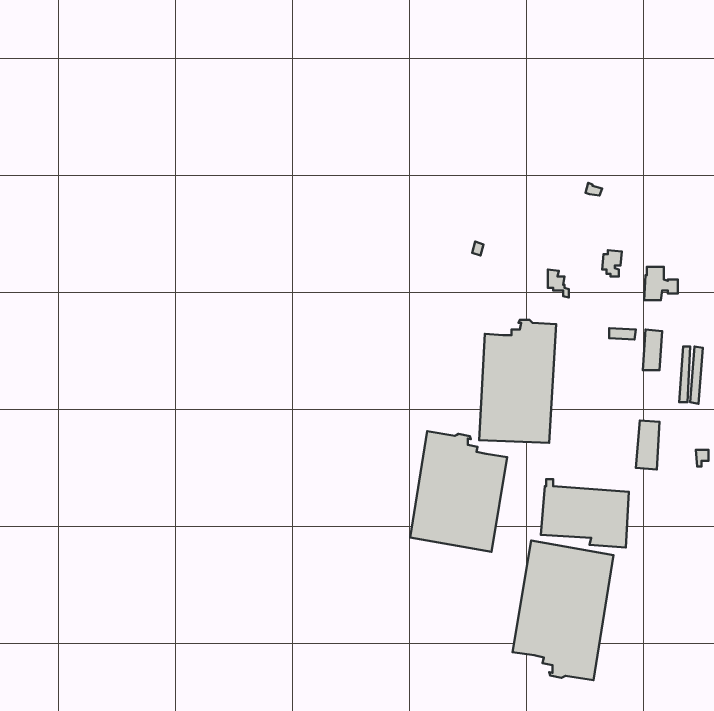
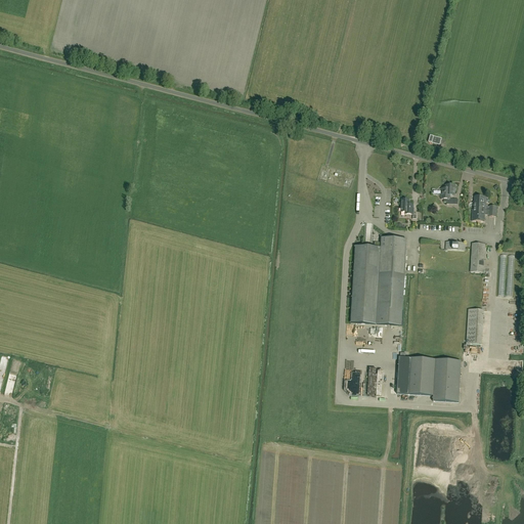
building: [410,431,507,552] -> none
building: [513,541,613,680] -> none

